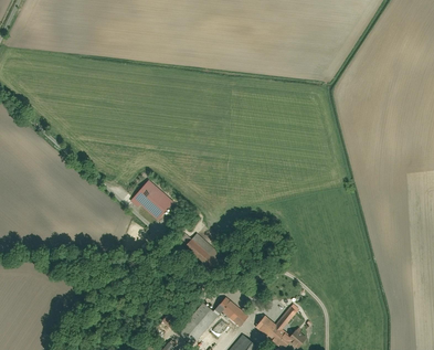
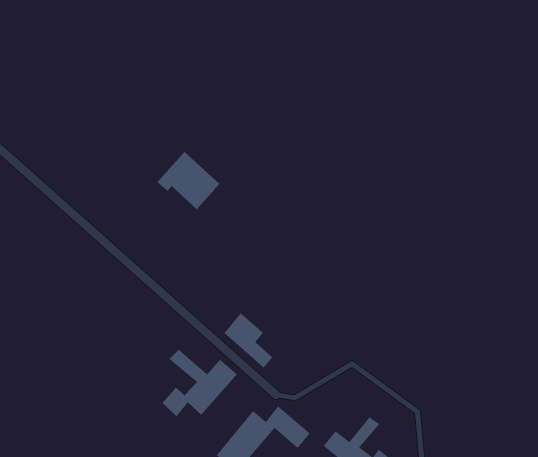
building: [130,178,176,220] -> [156,151,220,210]
building: none -> [161,349,238,417]

